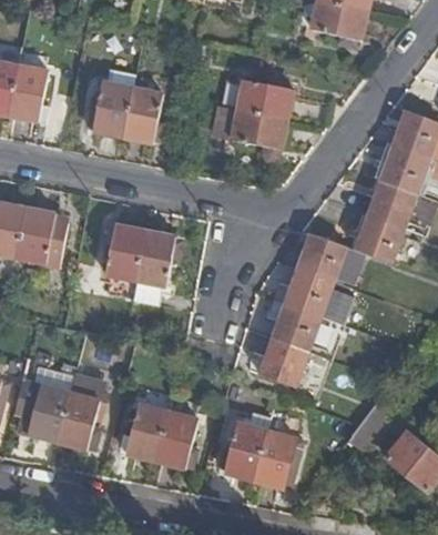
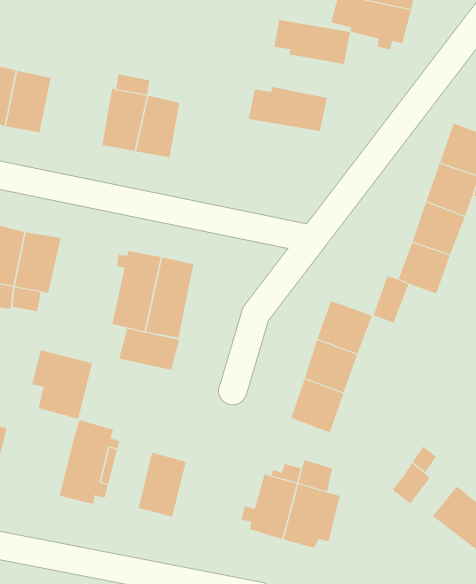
building: [218,108,287,148] -> [273,19,351,64]
building: [296,233,346,282] -> none
building: none -> [118,328,180,371]
building: [13,380,68,442] -> [31,349,93,419]
building: [156,412,198,468] -> none

